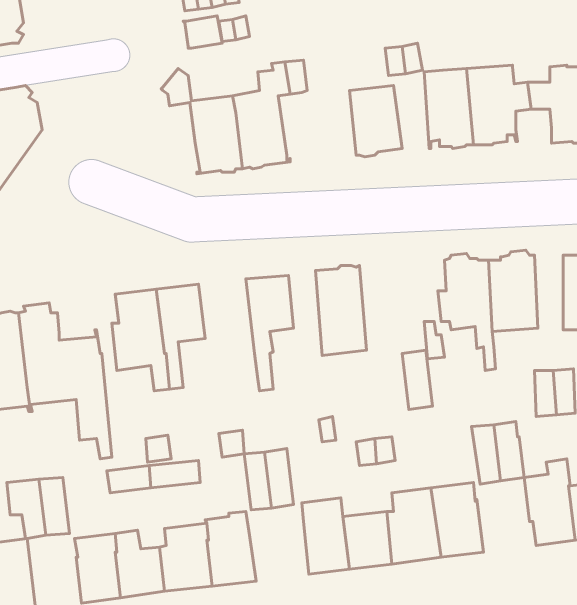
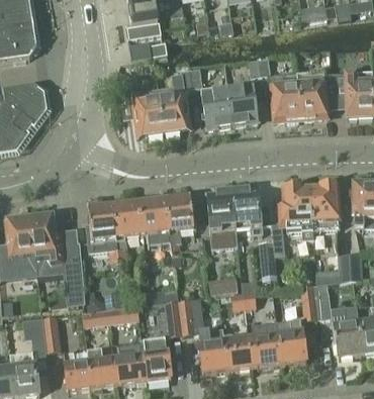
building: none -> [200,86,230,128]
building: none -> [232,188,263,234]
building: none -> [141,198,170,245]

